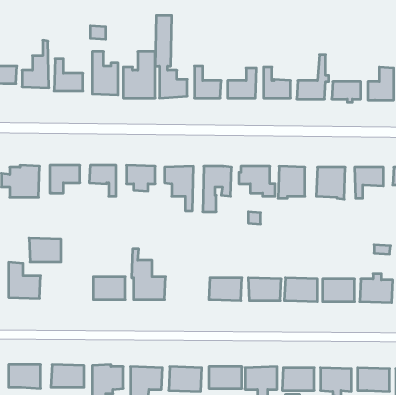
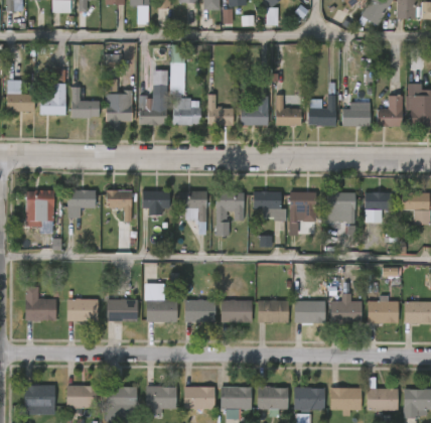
building: [29,238,61,262] -> [68,298,100,321]
building: none -> [186,299,218,321]

